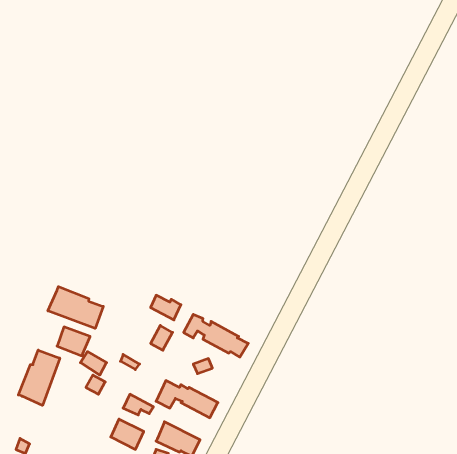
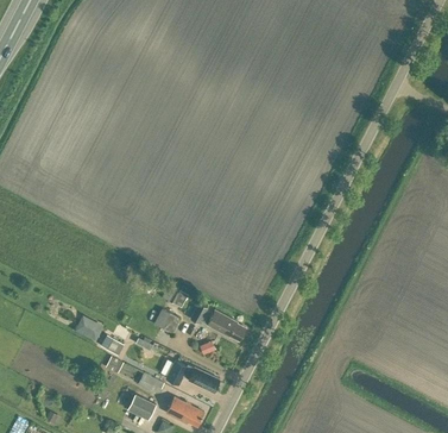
building: [48,287,103,328] -> none
building: [18,350,60,405] -> none

